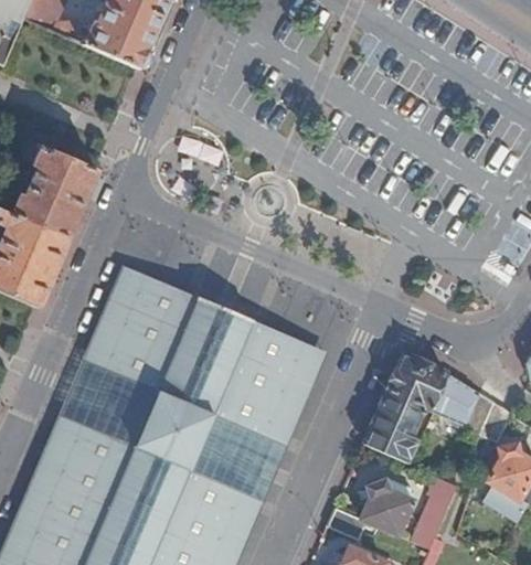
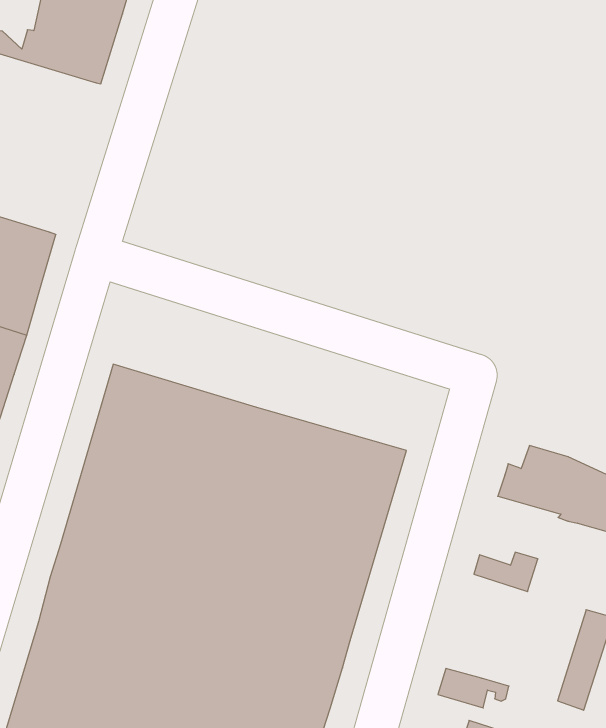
building: [368,391,423,440] -> none
building: [359,481,411,533] -> none

